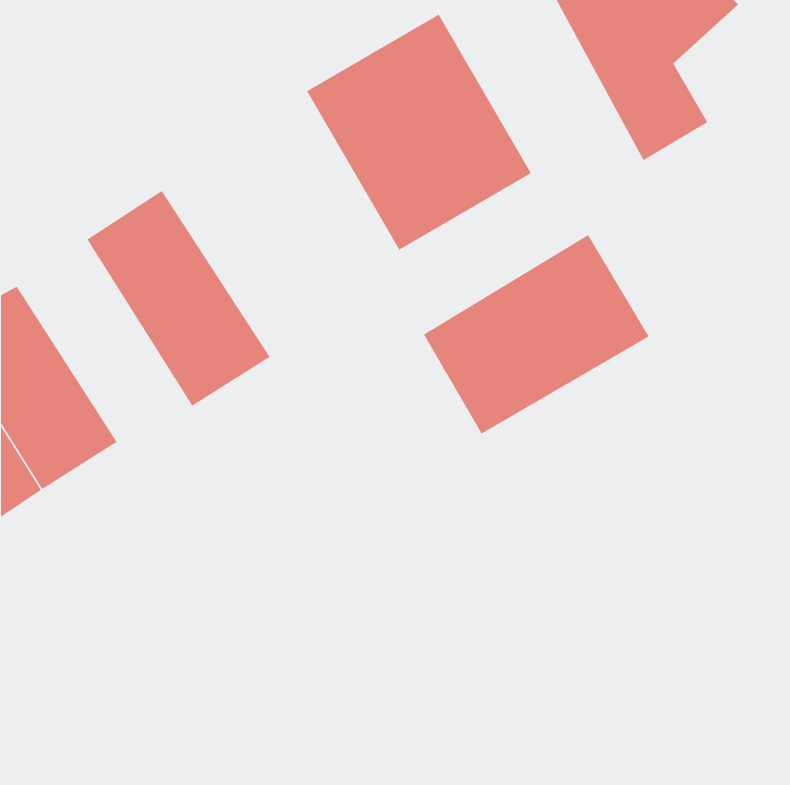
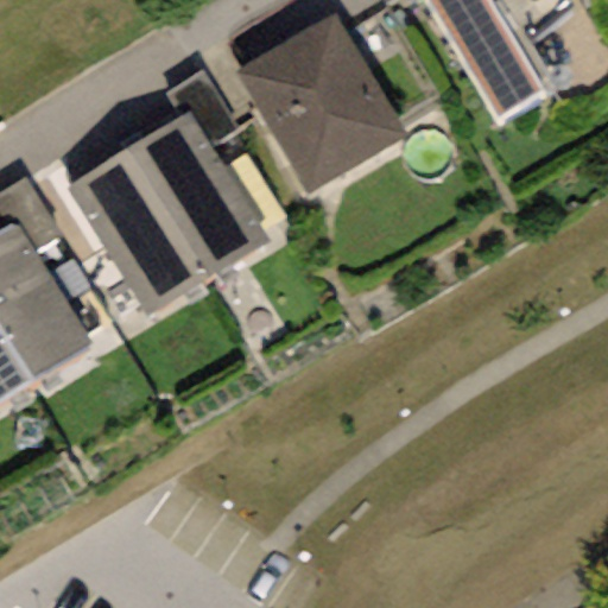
building: none -> [125,107,270,274]
building: [423,234,650,435] -> none

